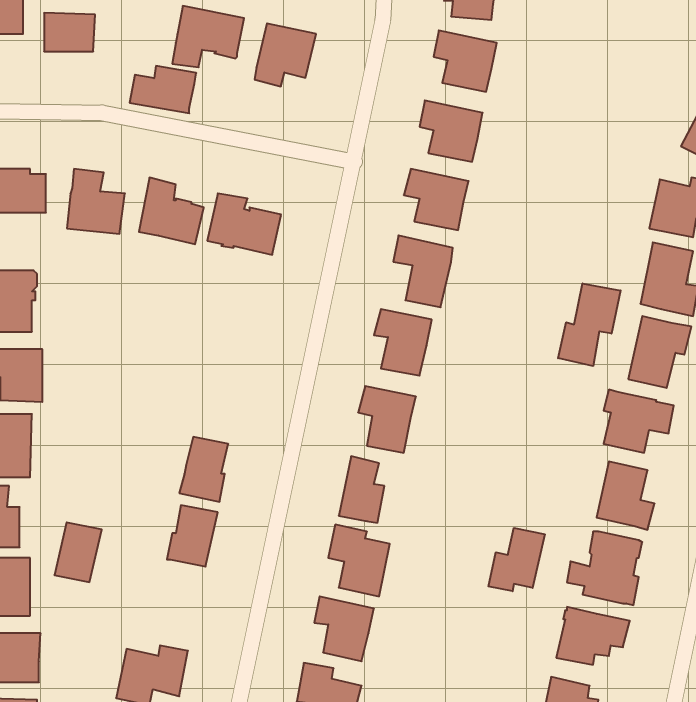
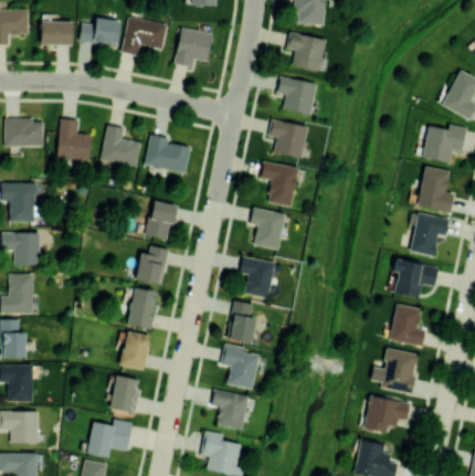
building: [130,66,196,113] -> [80,18,122,47]
building: [558,283,621,366] -> none
building: none -> [146,201,178,240]
building: none -> [136,245,169,285]
building: [54,522,102,582] -> [109,375,139,413]
building: [488,528,545,591] -> none

